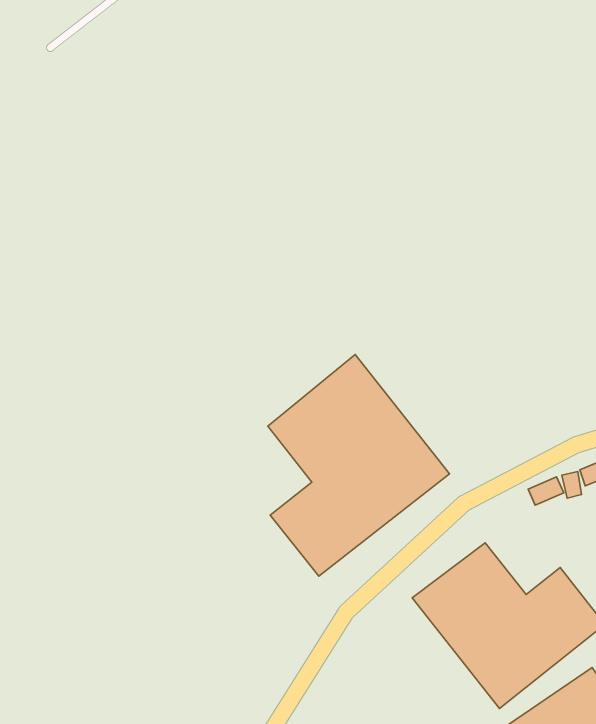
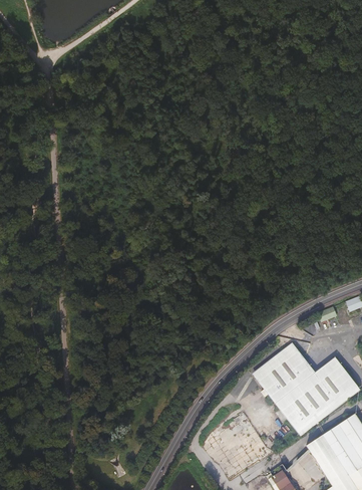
building: [268,355,449,576] -> none

